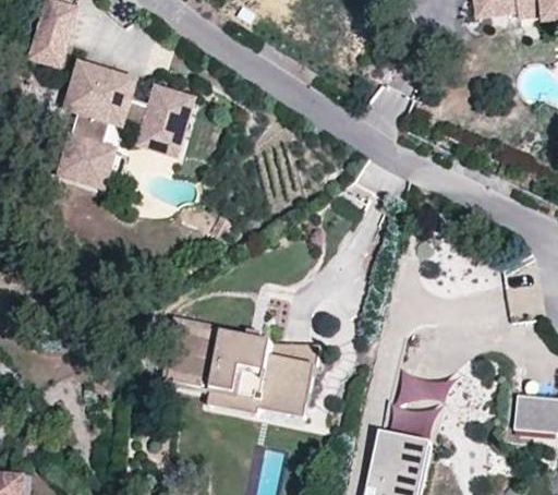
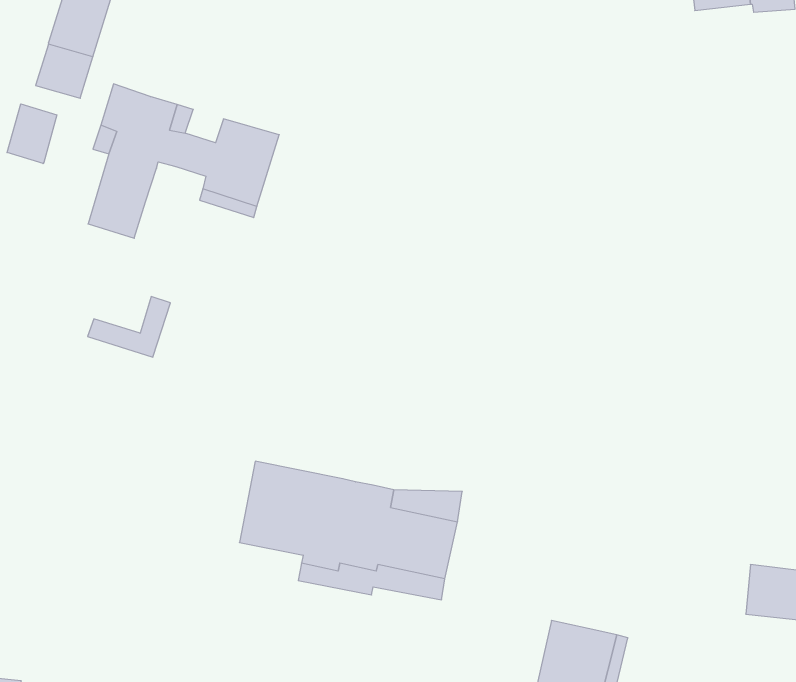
building: none -> [7,104,57,164]
building: [58,145,114,186] -> [88,297,170,357]
building: [388,371,442,436] -> none

